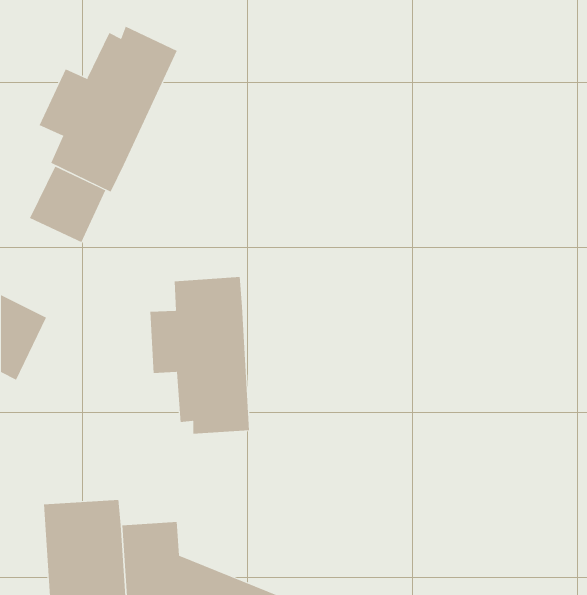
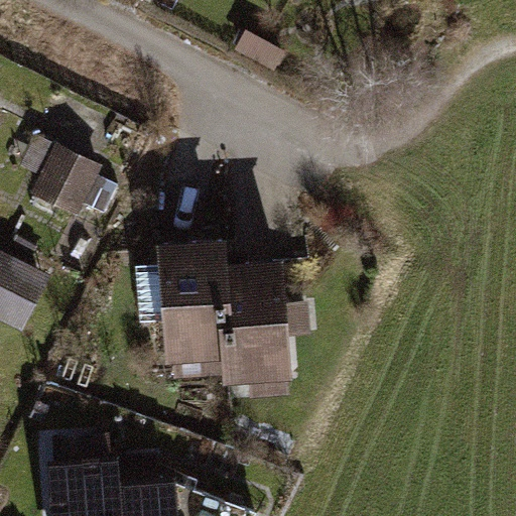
building: [39,26,178,192] -> none
building: none -> [218,263,309,398]

